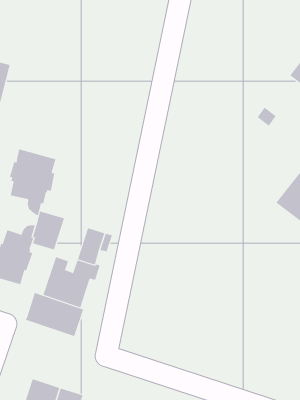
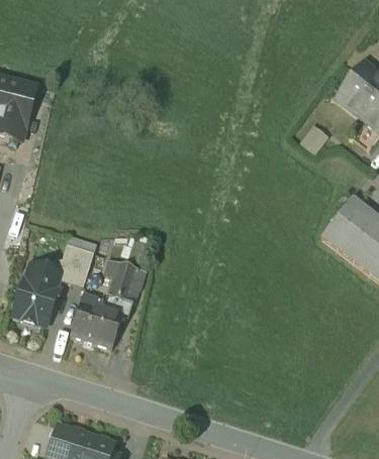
building: [9,148,56,216] -> none
building: [25,292,84,337] -> none

